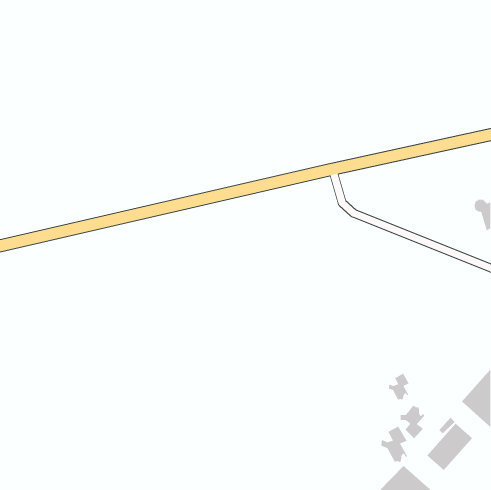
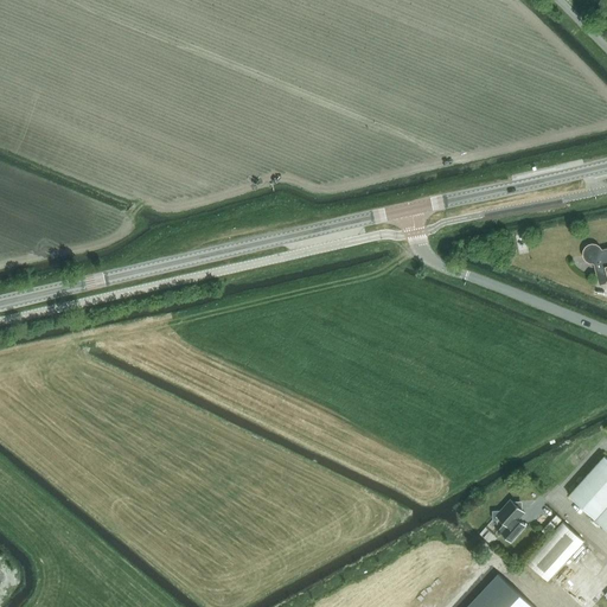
building: [388,372,410,401] -> none
building: [381,426,409,463] -> none

